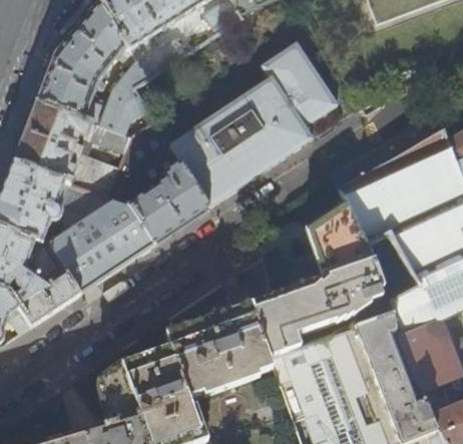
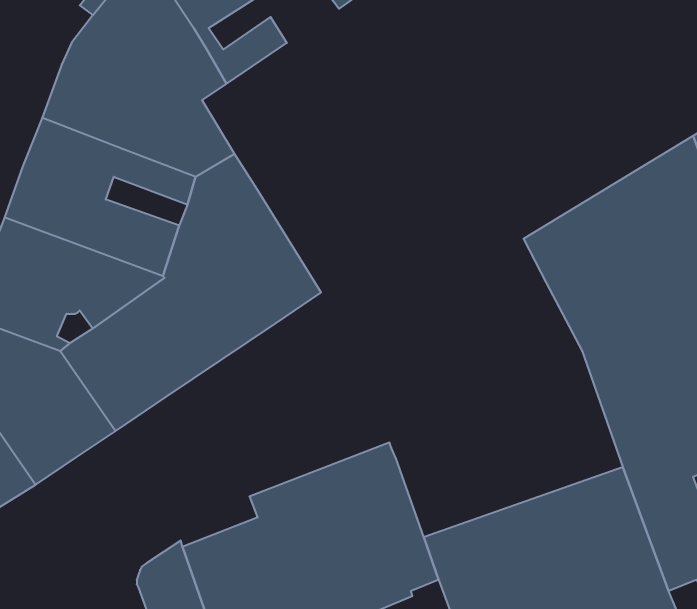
building: [169,44,336,207] -> none
building: [252,201,394,358] -> none

